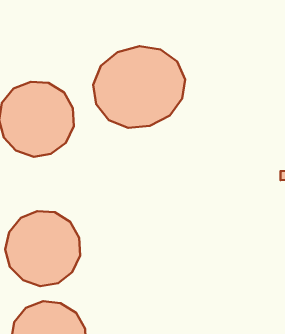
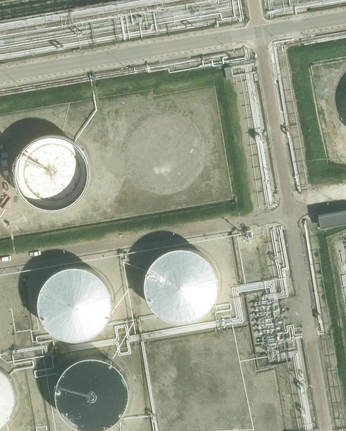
building: [93,46,185,128] -> none
building: none -> [143,249,217,323]

